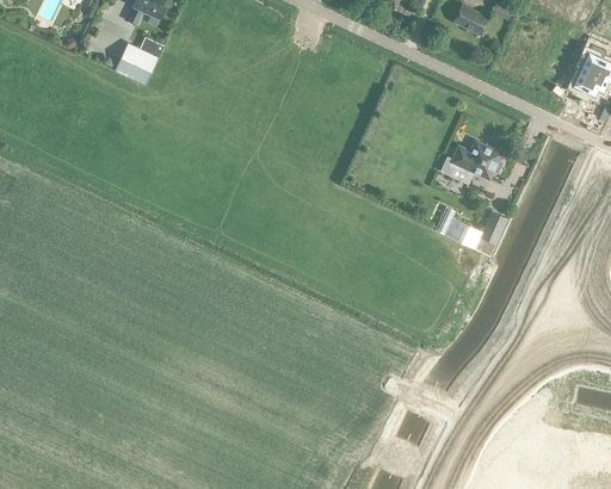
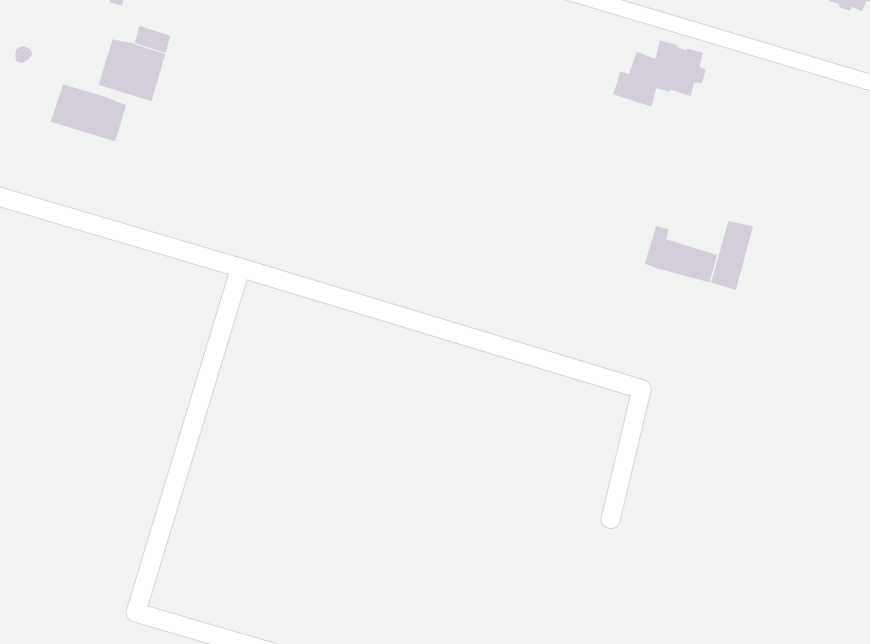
building: none -> [50,84,127,142]
building: [439,141,500,181] -> [612,40,706,107]

